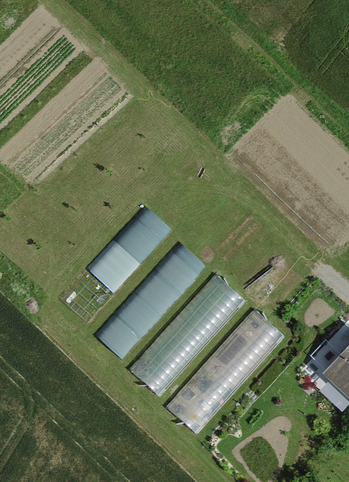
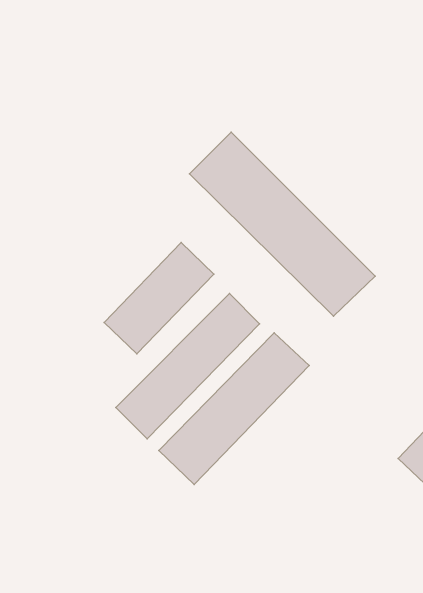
building: none -> [190,132,375,316]
building: [168,309,287,431] -> none

